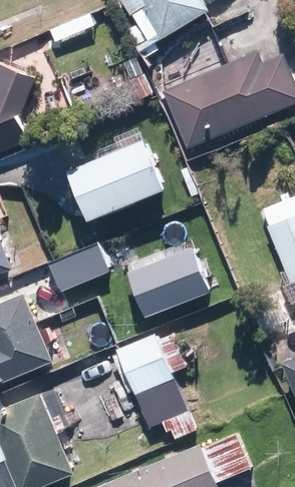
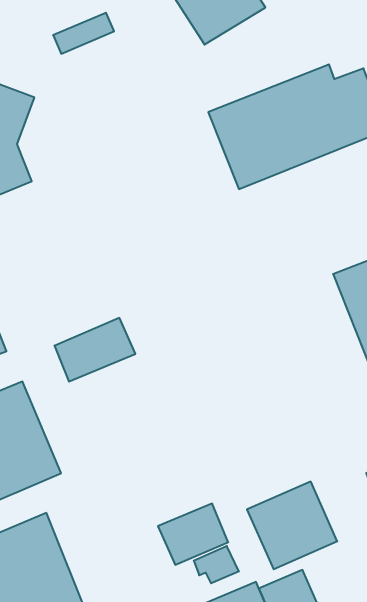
building: [72,136,173,220] -> none
building: [127,246,212,317] -> none
building: [106,333,175,399] -> [247,482,337,569]

